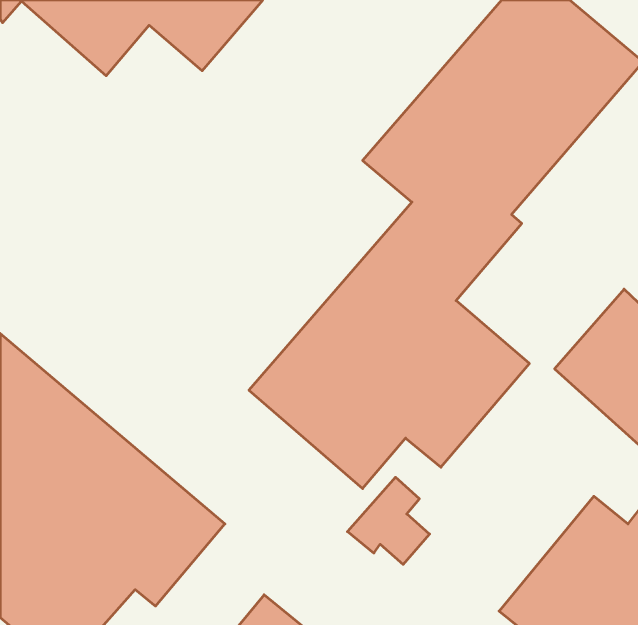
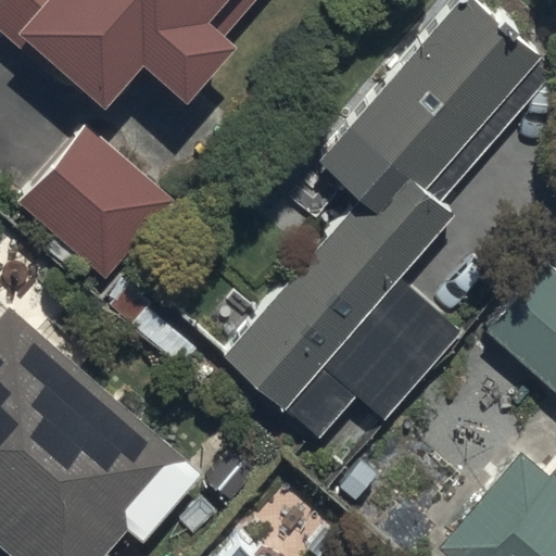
building: none -> [14,119,175,280]

